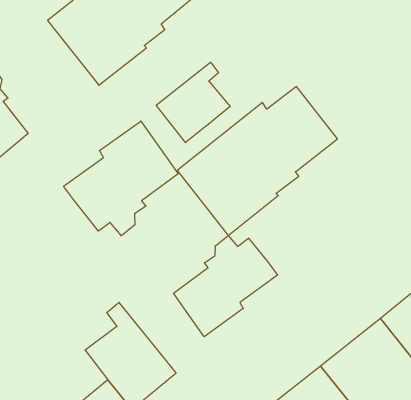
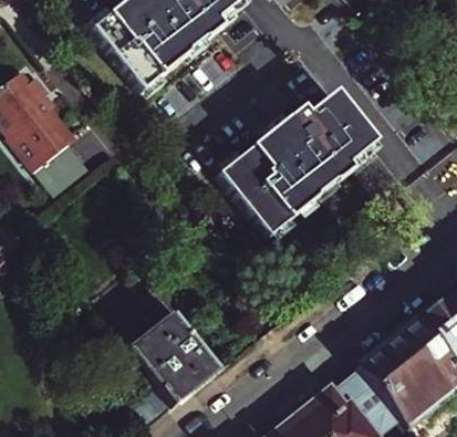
building: [156,62,230,143] -> none
building: [64,121,178,236] -> none
building: [174,235,277,337] -> none

